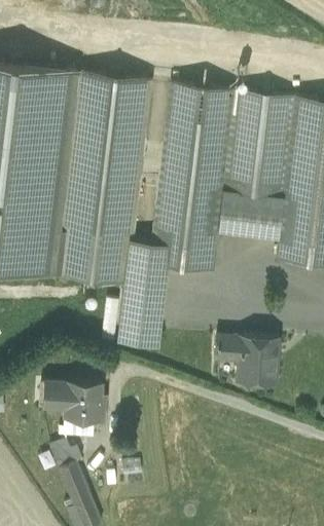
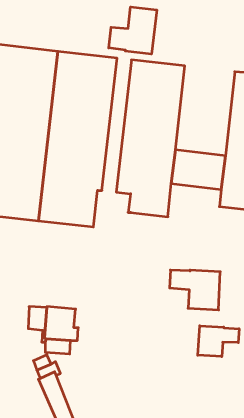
building: none -> [109,7,157,54]
building: [222,91,294,200] -> none
building: [116,242,168,350] -> none
building: none -> [198,326,239,357]

